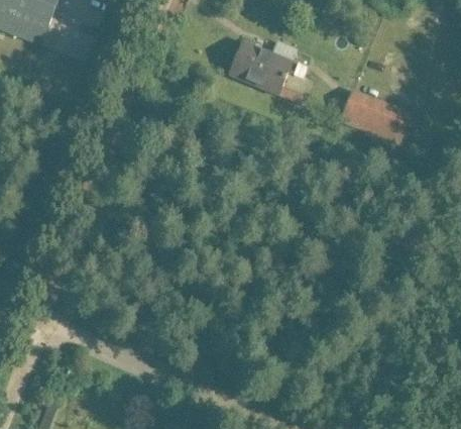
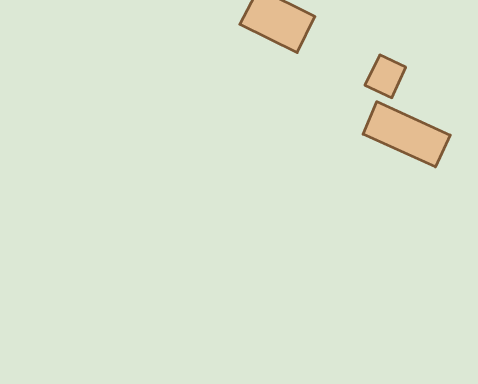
building: none -> [363,102,450,167]

